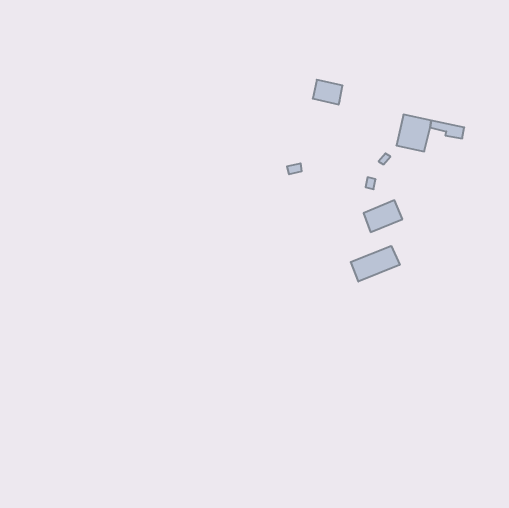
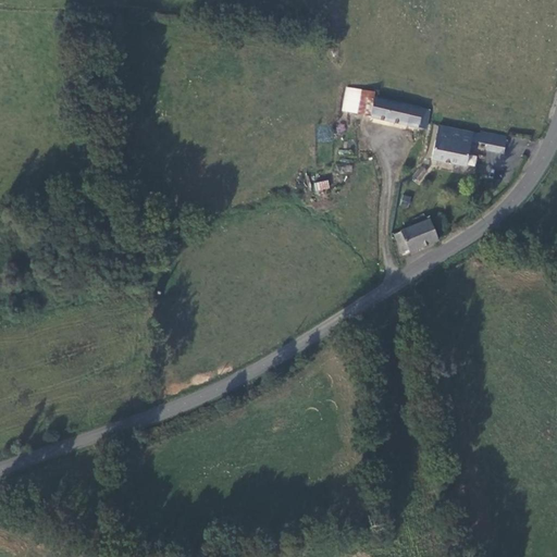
building: none -> [370,94,429,127]
building: [351,246,400,282] -> none

